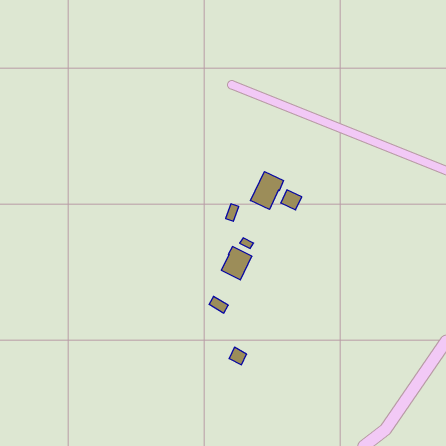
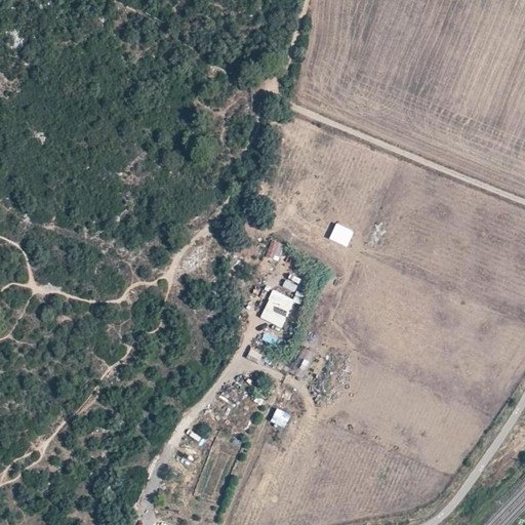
building: [250,172,283,209] -> none

